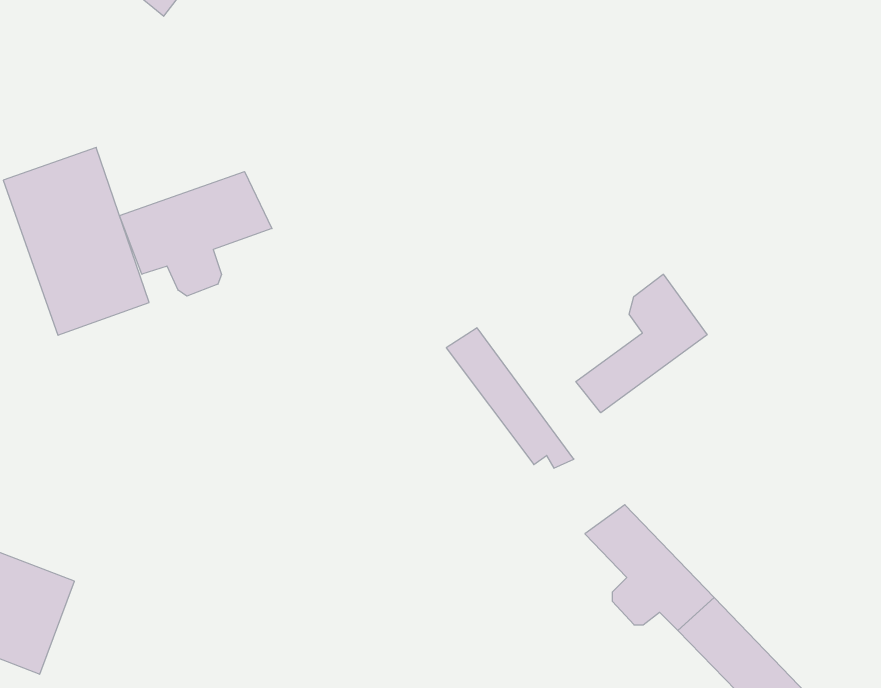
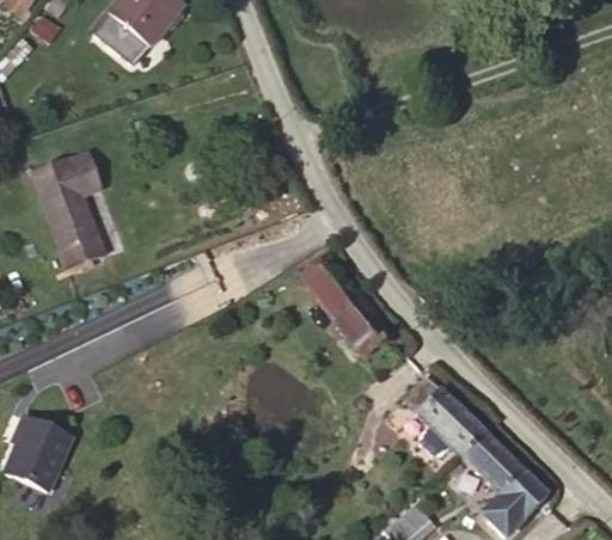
building: [120,172,272,296] -> none
building: [576,274,707,413] -> none

